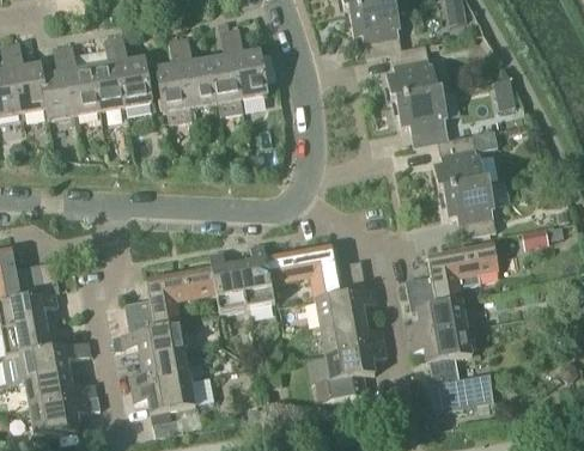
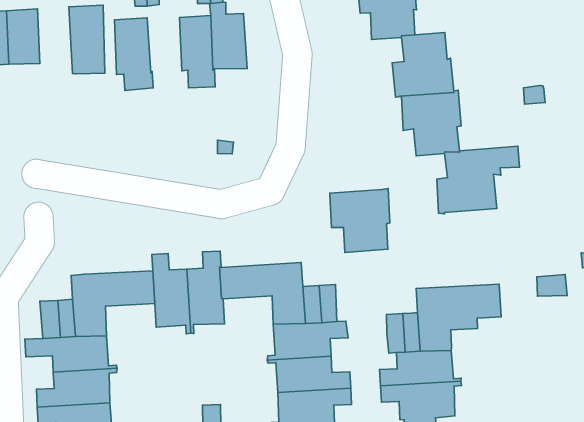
building: [182,59,215,106] -> none
building: [92,61,130,126] -> none
building: [443,181,495,237] -> [330,189,390,253]

